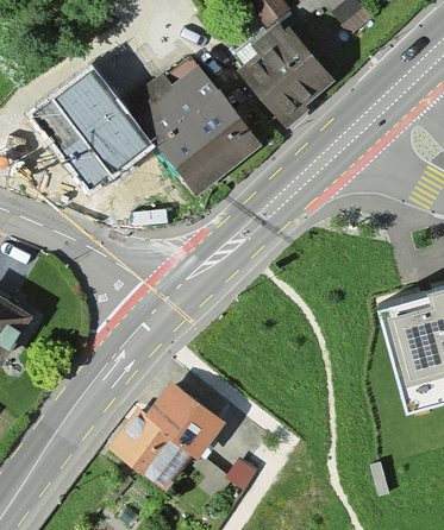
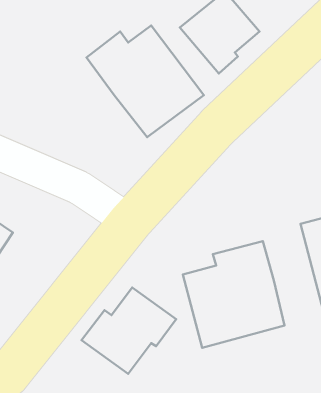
building: [27,67,155,197] -> none
building: none -> [183,241,284,348]

